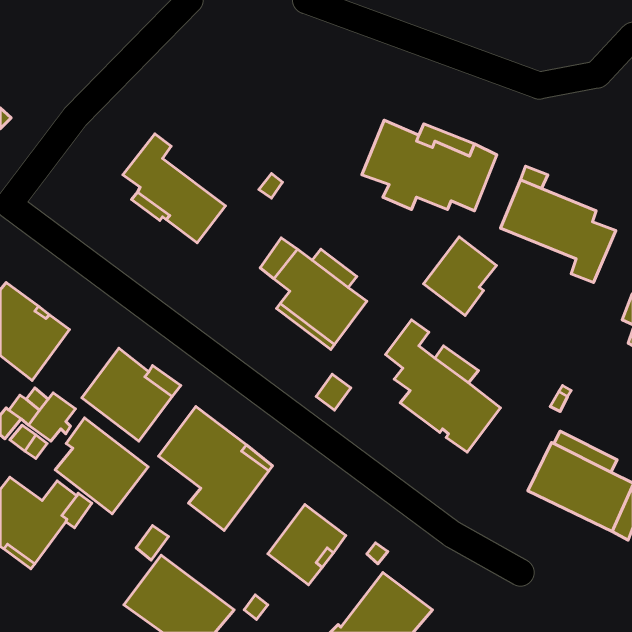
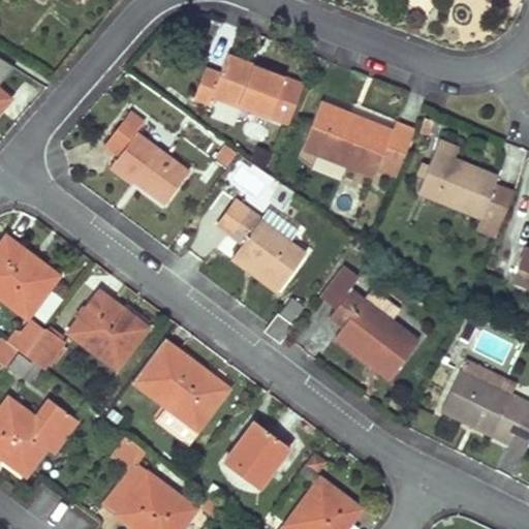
building: none -> [195,55,304,123]
building: [423,237,497,316] -> none
building: [55,418,148,514] -> none

